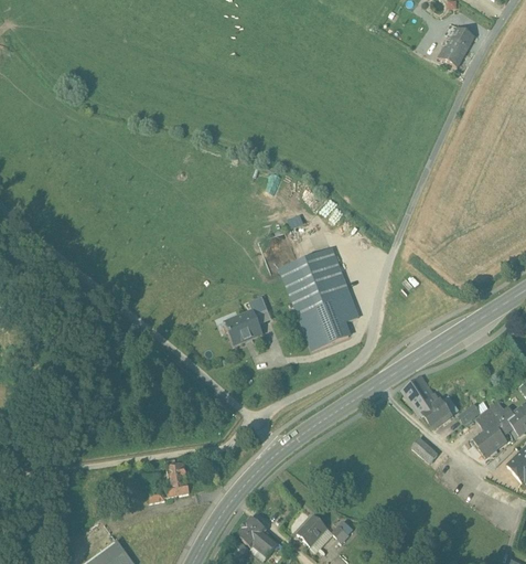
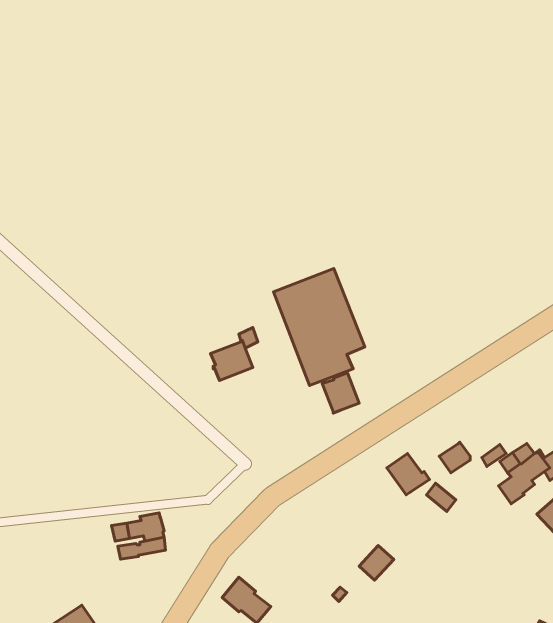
building: [439,31,475,71] -> none
building: none -> [322,373,359,413]
building: [404,380,440,415] -> [387,454,429,495]
building: [298,515,328,545] -> [359,545,394,580]

